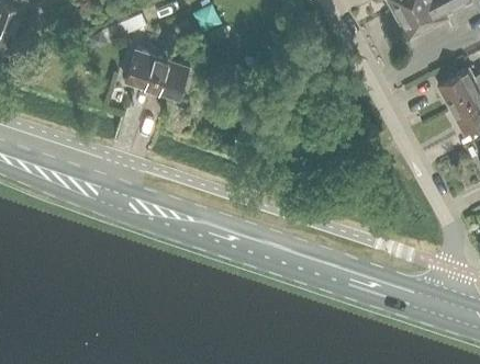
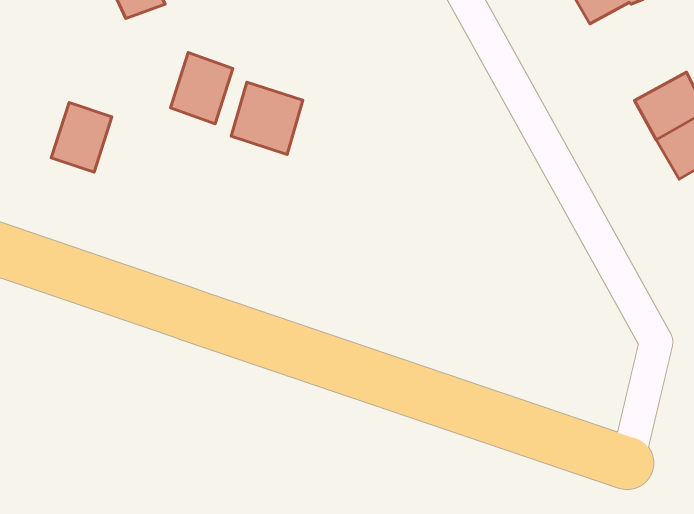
building: [125,46,163,89] -> [51,102,112,172]
building: none -> [231,82,303,154]

